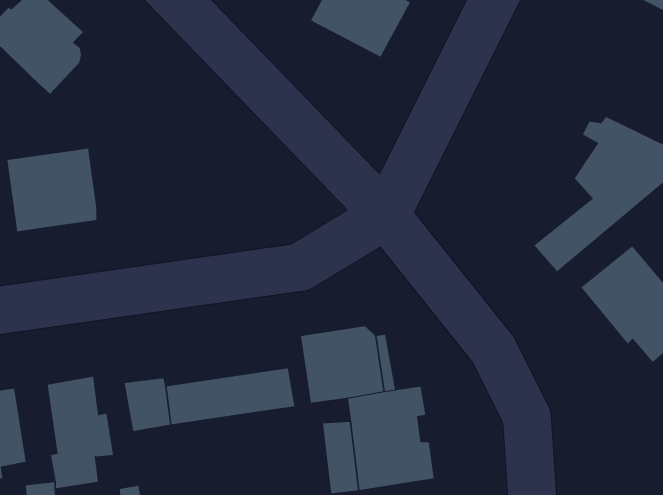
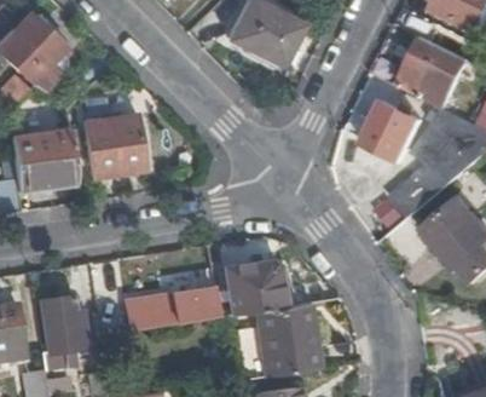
building: none -> [399,34,469,108]
building: none -> [363,103,418,161]
building: none -> [83,113,143,176]

